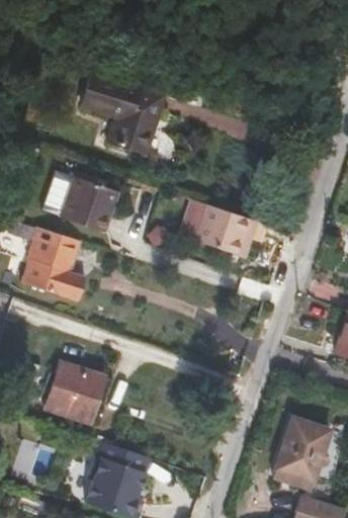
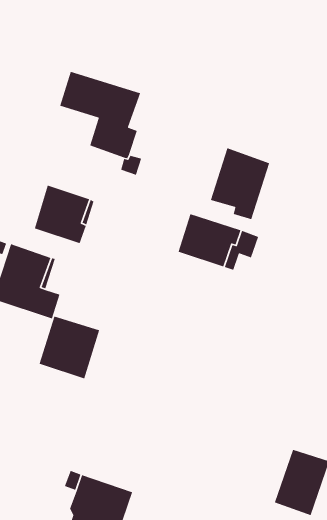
building: none -> [210,147,270,220]
building: [46,363,102,422] -> [38,315,100,380]

